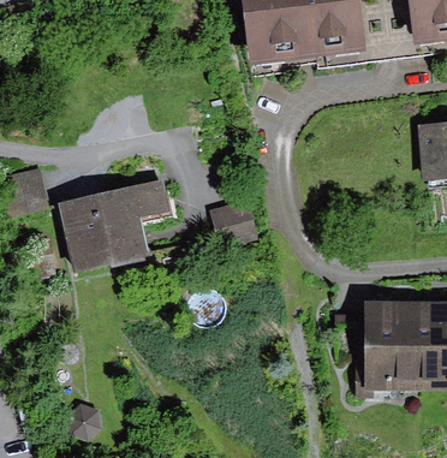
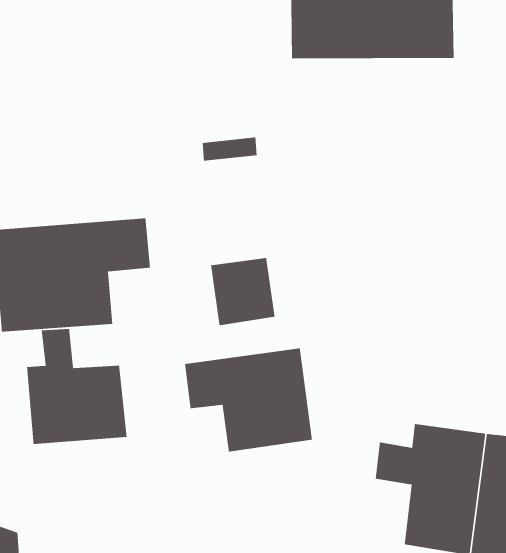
building: none -> [184,347,313,453]
building: none -> [26,328,127,445]

